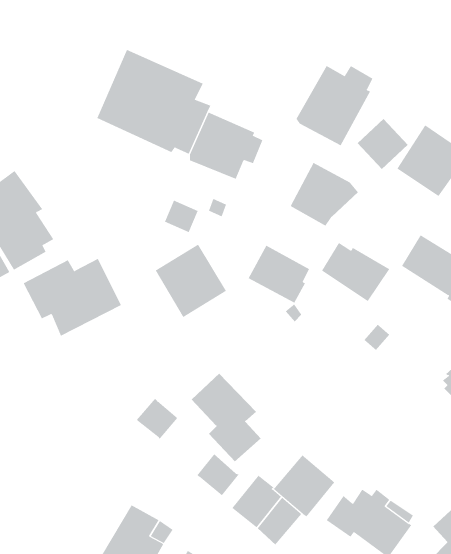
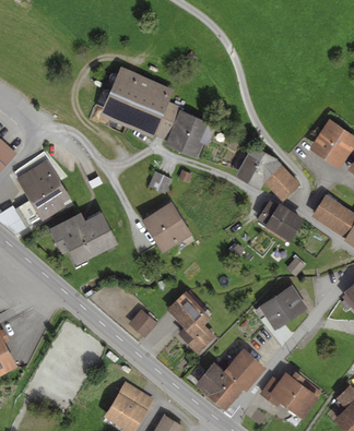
building: [296,65,373,146] -> none
building: [357,118,409,170] -> [264,166,300,202]
building: [248,245,310,304] -> none
building: none -> [255,285,308,331]
building: [196,454,240,496] -> none

